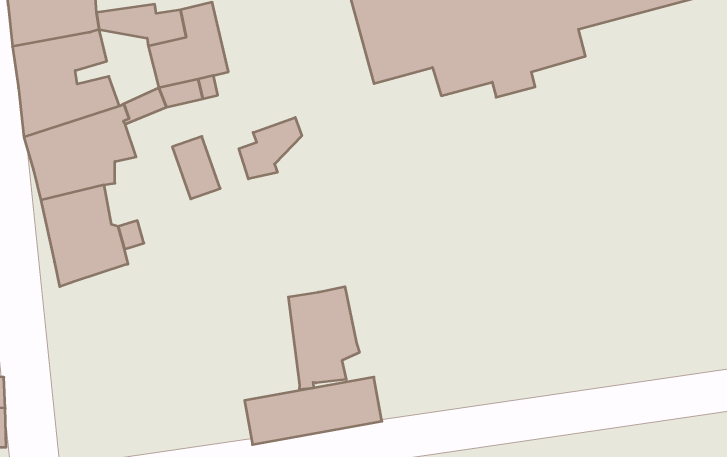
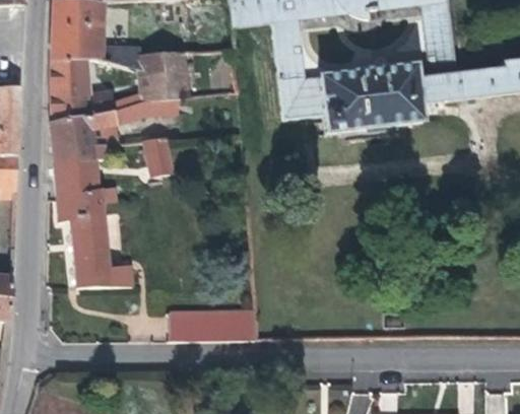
building: [239,117,302,179] -> none
building: none -> [68,213,132,286]
building: [288,287,359,389] -> none

